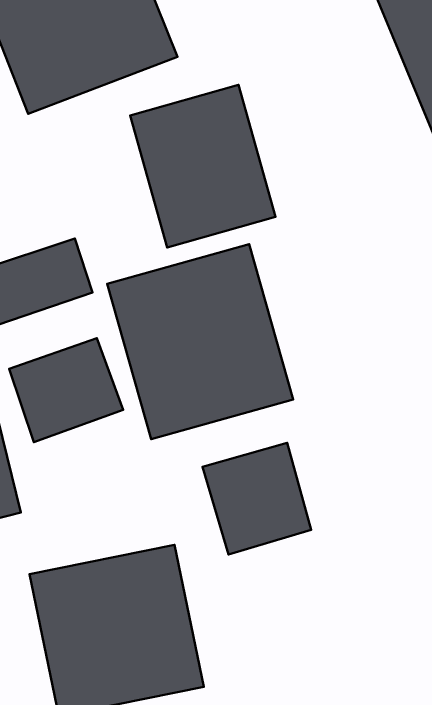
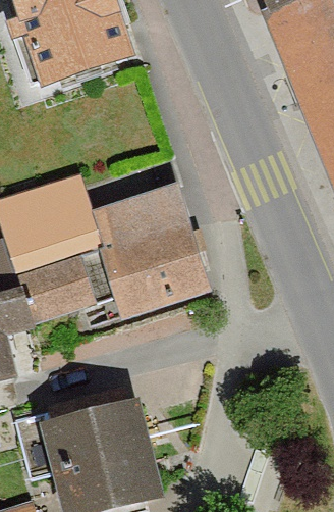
building: [130,85,275,247] -> none
building: [202,443,311,554] -> none

